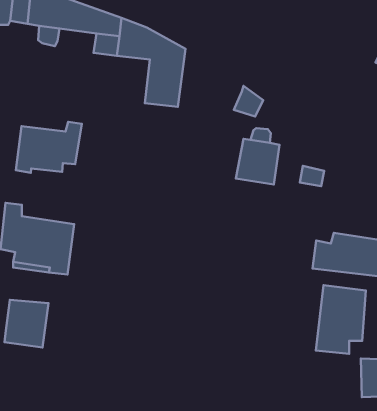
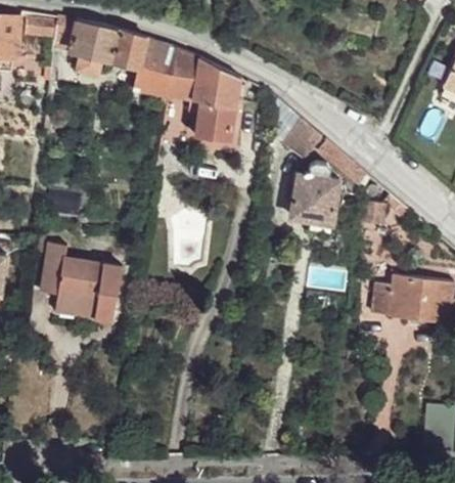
building: [16,122,82,173] -> none
building: [316,285,366,354] -> none
building: [5,300,49,348] -> none

